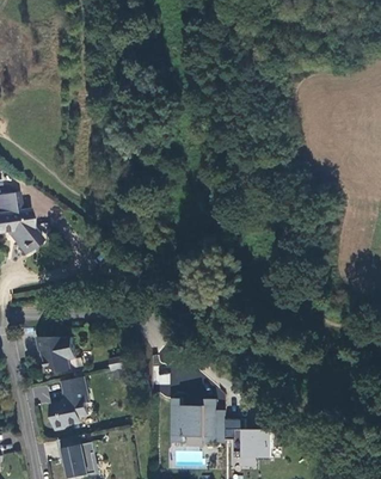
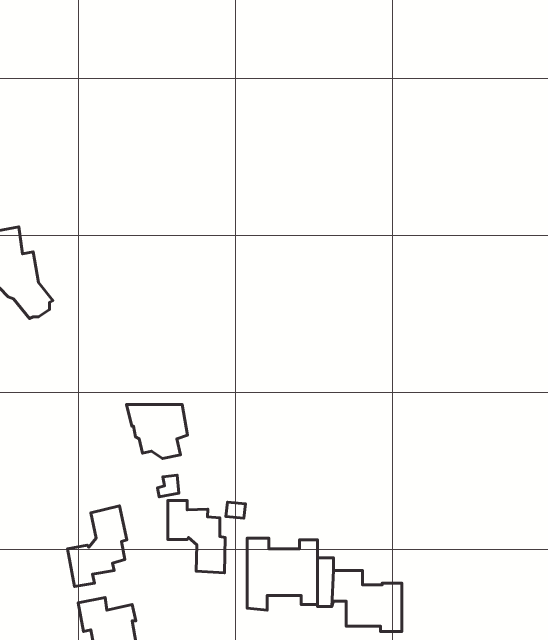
building: [38,337,79,373] -> [126,405,188,459]
building: none -> [168,500,225,573]

